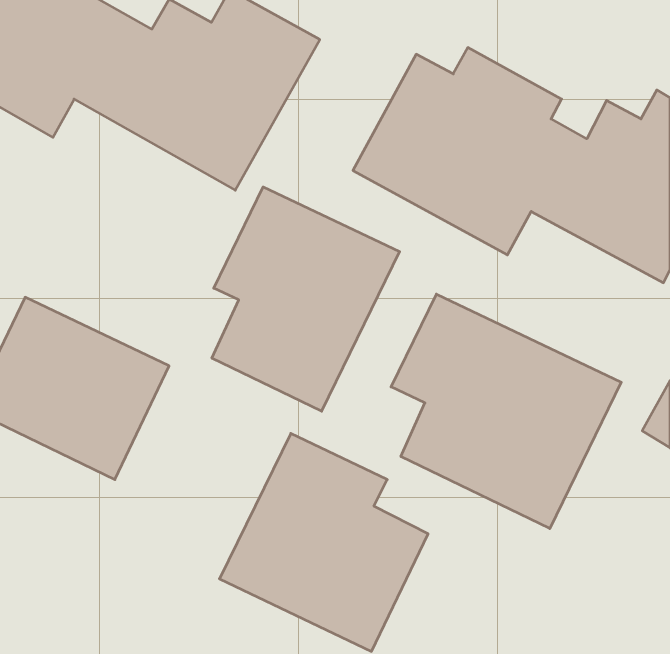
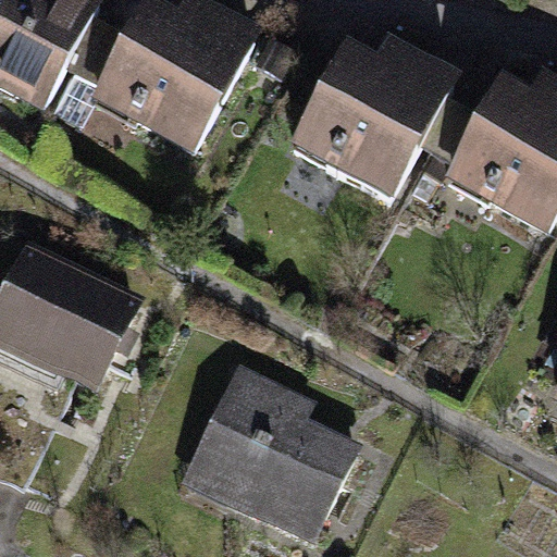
building: [212,187,400,411] -> none
building: [391,294,621,529] -> none

